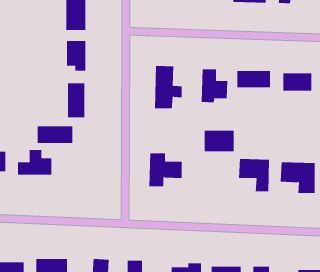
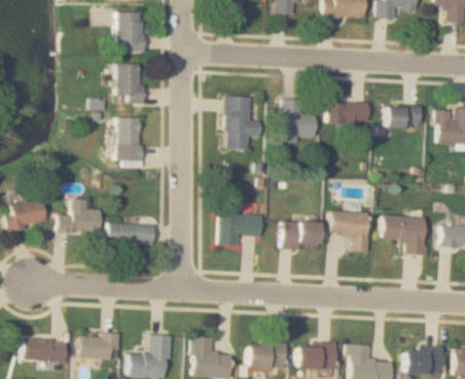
building: [37,126,73,143] -> [108,225,153,246]
building: [204,130,234,152] -> [281,221,319,248]

